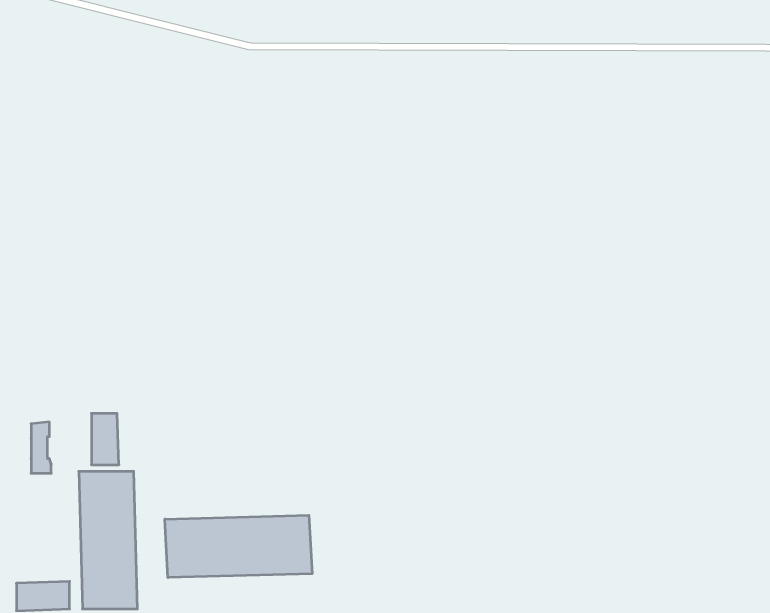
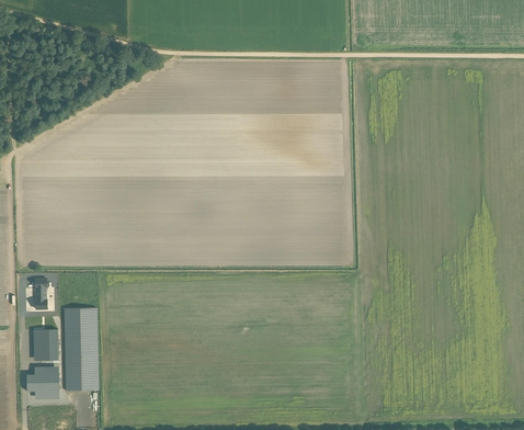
building: [91,413,119,465] -> [41,330,57,361]
building: [165,515,312,578] -> none

